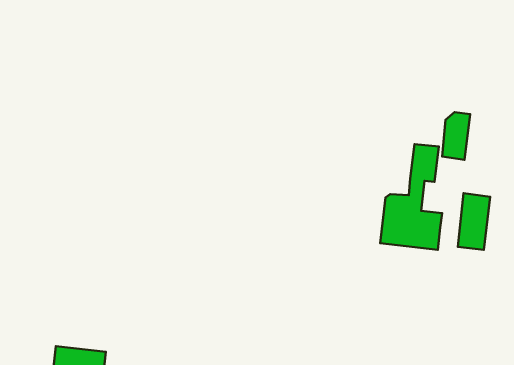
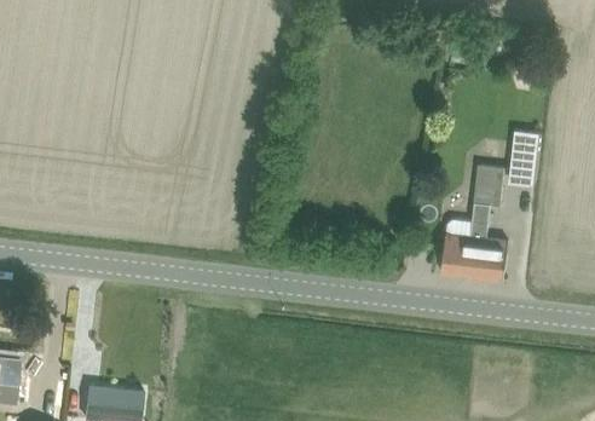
building: [458,193,490,250] -> none

